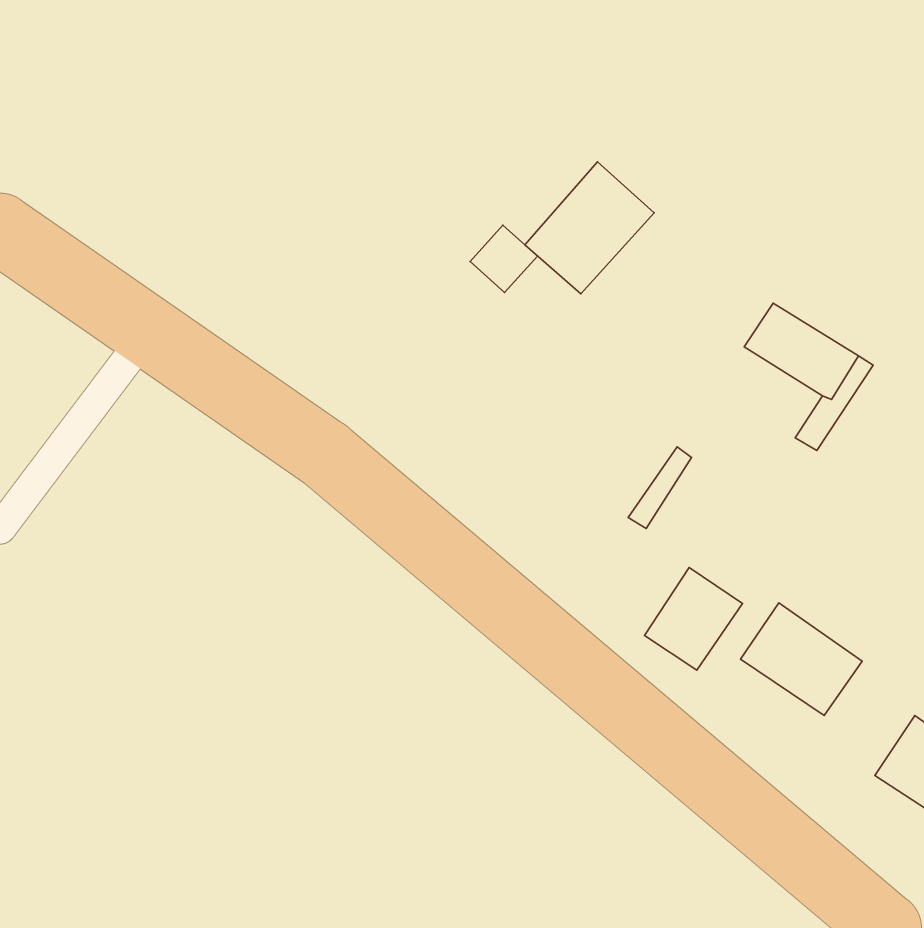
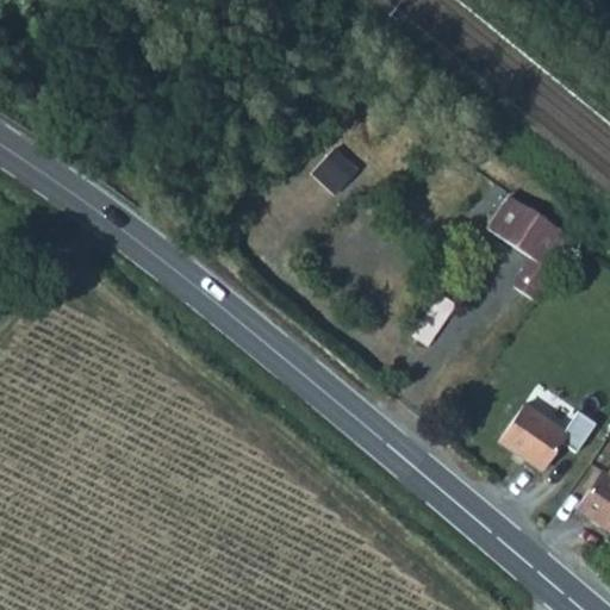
building: [525,162,654,294] -> none
building: [644,567,742,670] -> none

